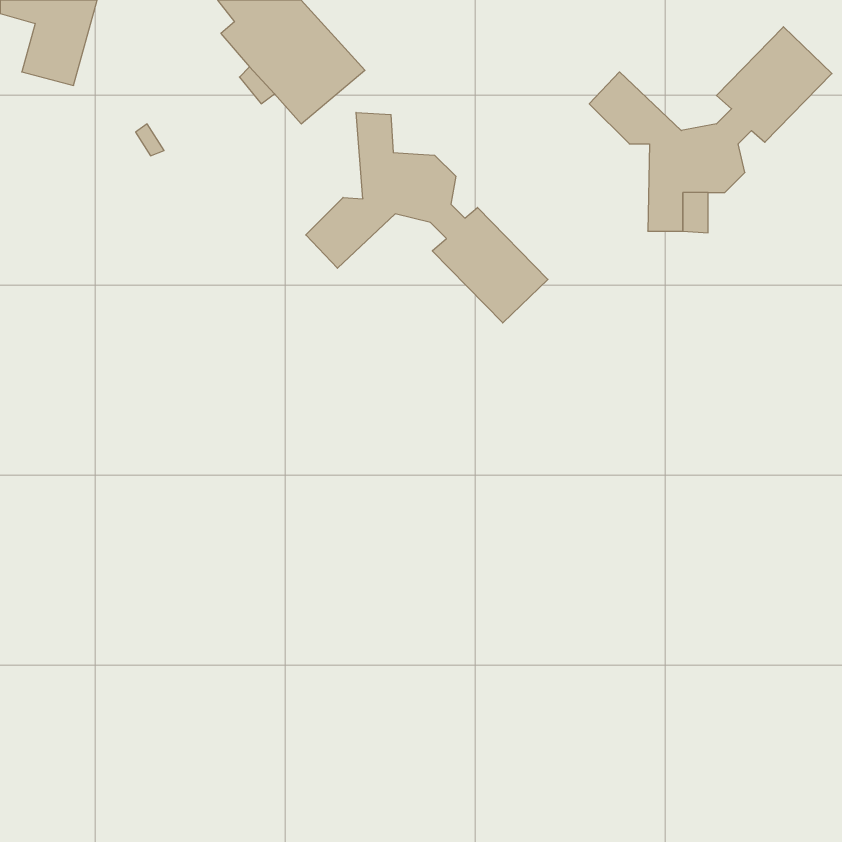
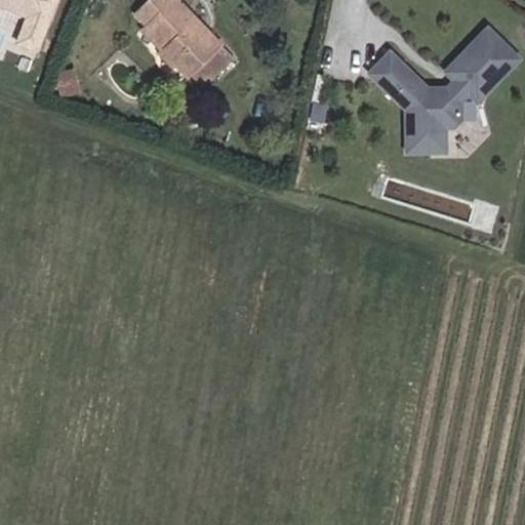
building: [306,112,548,323] -> none

